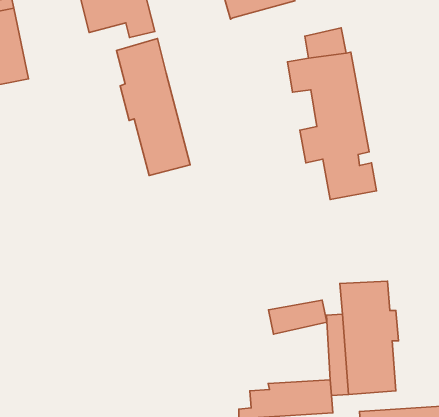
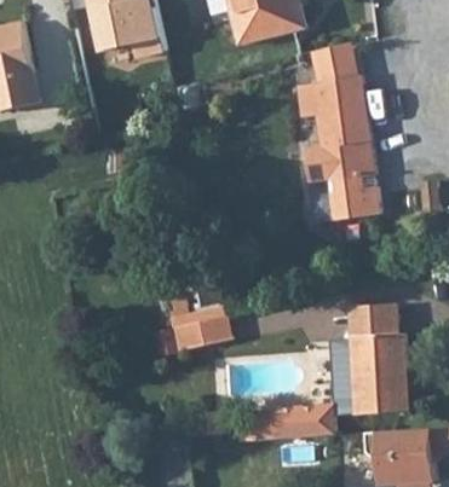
building: [117,39,190,176] -> none
building: [269,300,327,334] -> [174,315,232,349]

